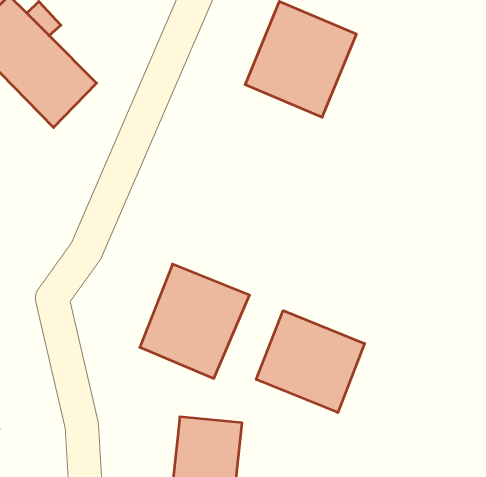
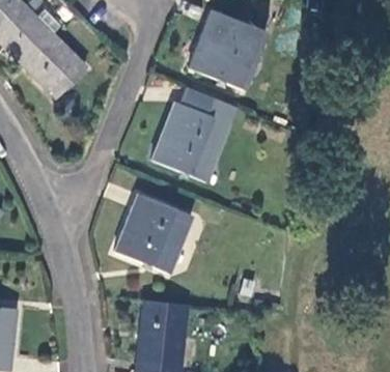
building: none -> [152,86,238,180]
building: [256,311,365,413] -> none

